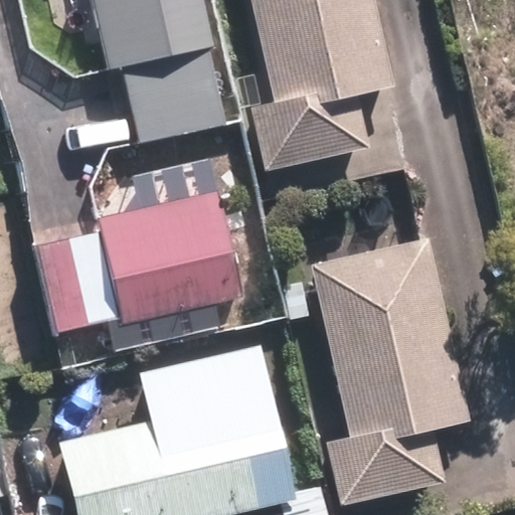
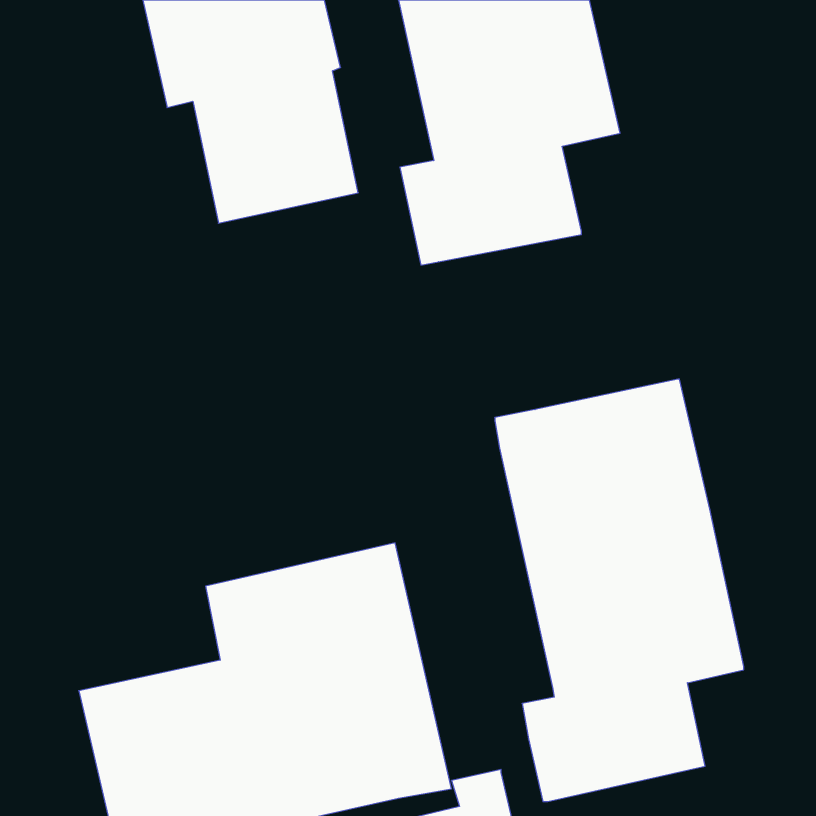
building: [36,190,245,335] -> none

